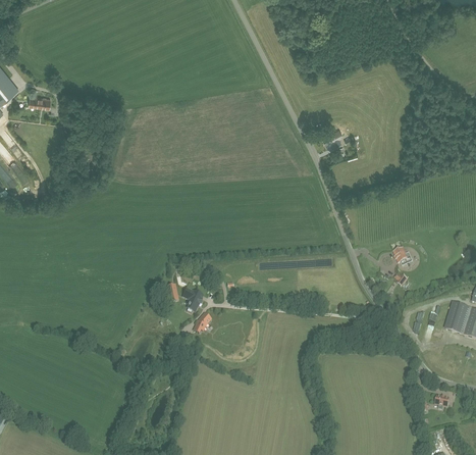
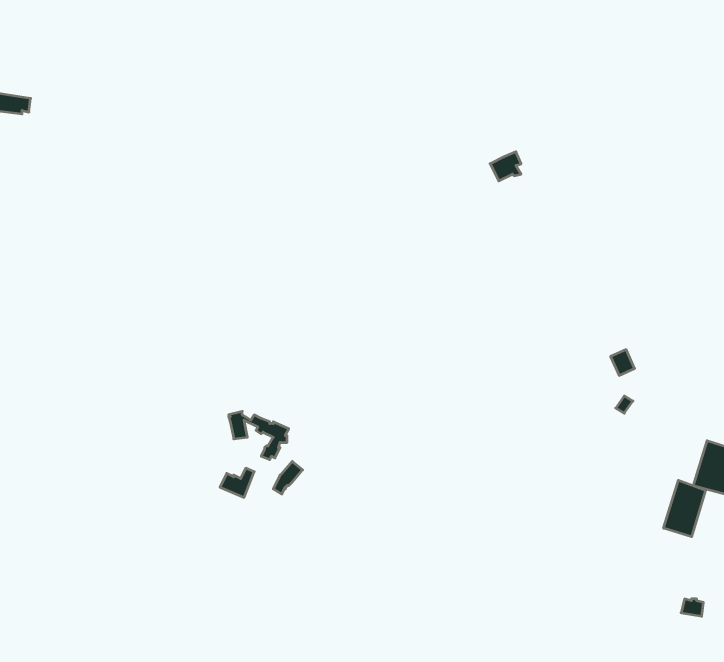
building: none -> [664,480,706,537]

